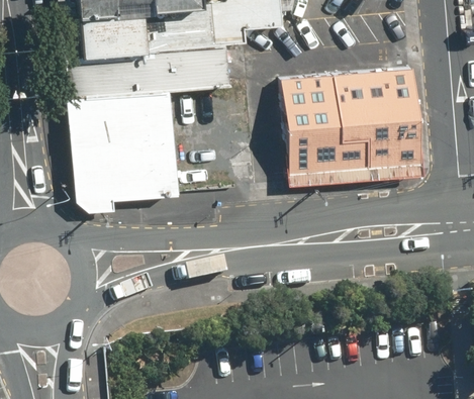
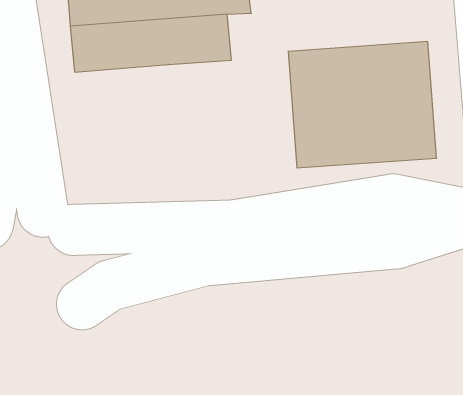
building: [83,89,178,199] -> none

